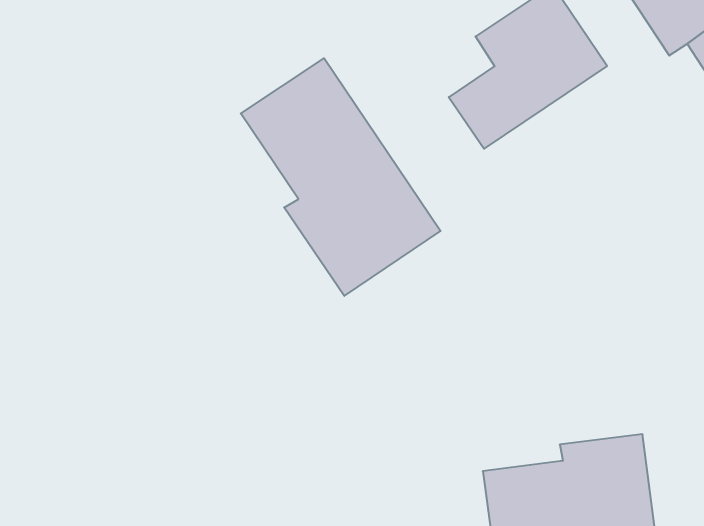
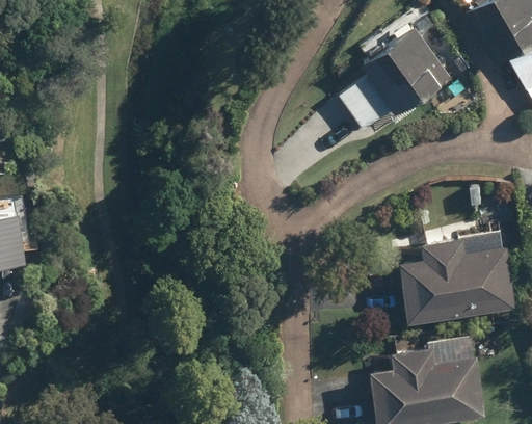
building: [241,58,441,296] -> none
building: none -> [395,234,515,325]

